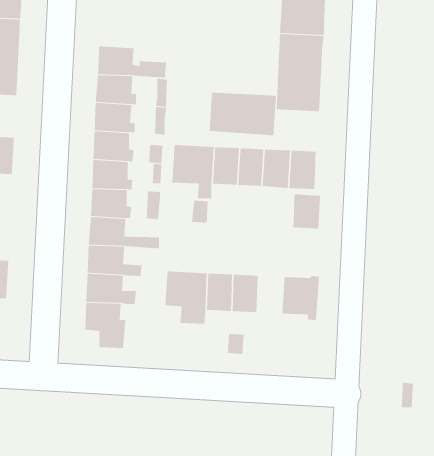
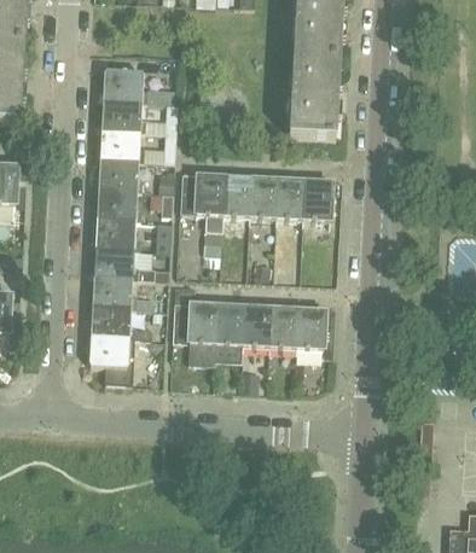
building: [209,92,276,136] -> none
building: [293,194,320,229] -> none
building: none -> [271,308,298,348]

